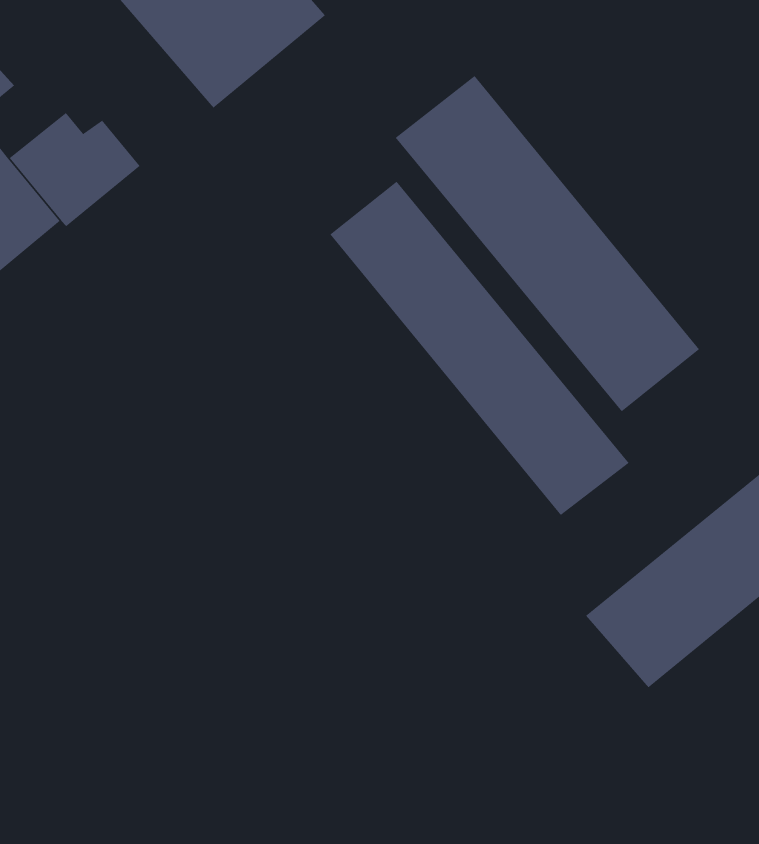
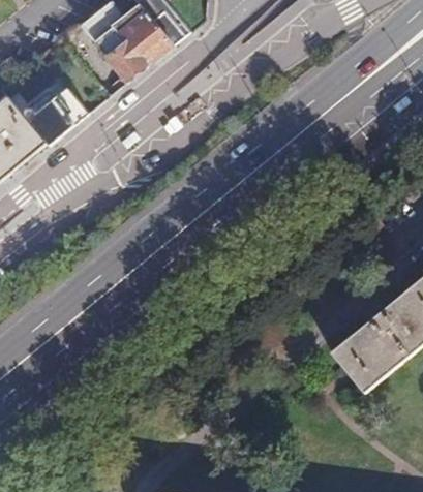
building: [395,75,700,412] -> none
building: [329,181,630,516] -> none

